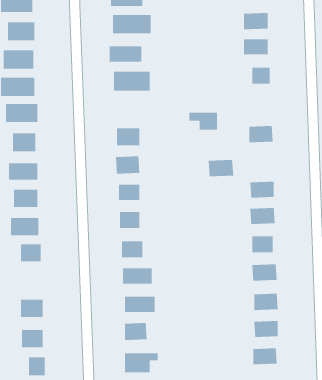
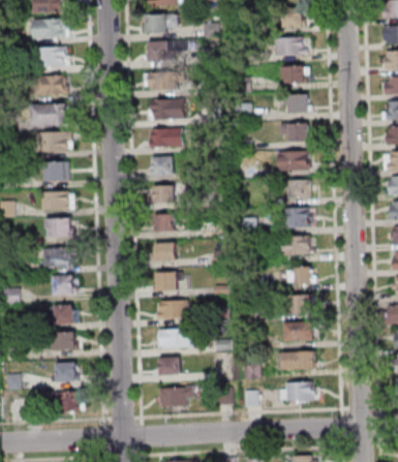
building: none -> [149,128,183,147]
building: [189,112,218,130] -> [278,123,308,142]
building: [208,160,234,177] -> [287,183,314,201]
building: none -> [54,305,74,325]

